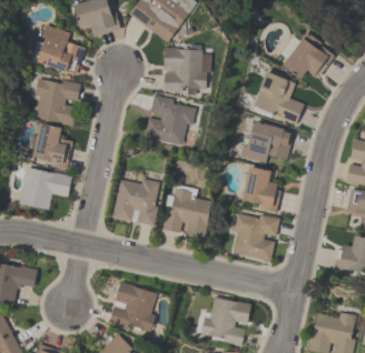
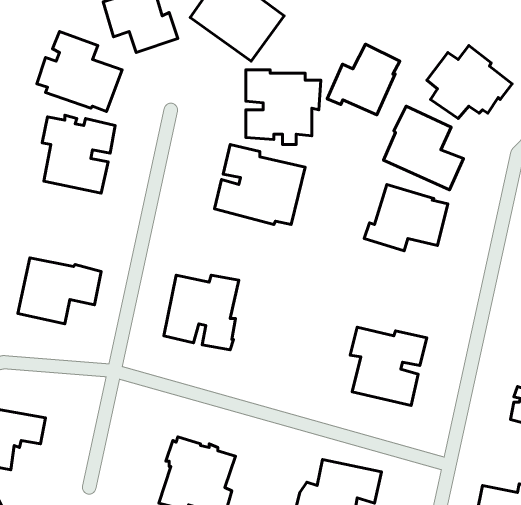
building: none -> [327,44,400,115]
building: [32,123,73,169] -> none
building: [243,168,280,212] -> none
building: [164,184,213,240] -> none

